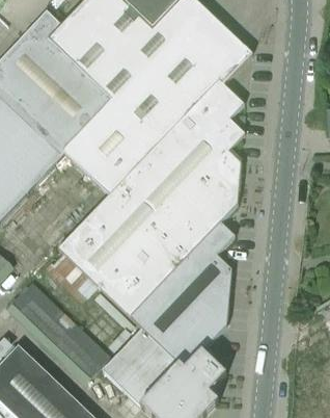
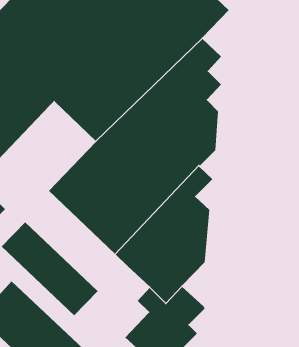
building: [102,329,166,406] -> none

